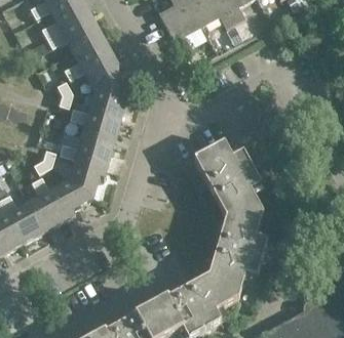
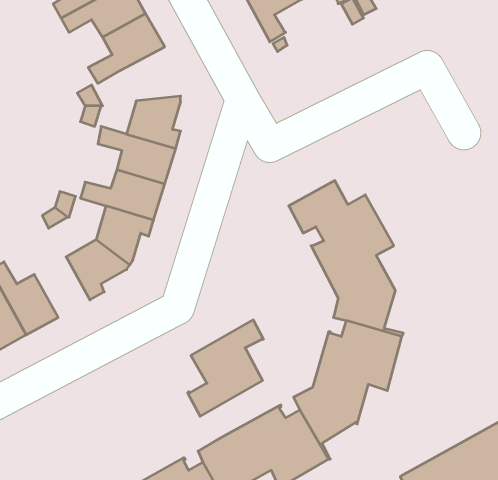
building: [83,56,122,91] -> none
building: [28,176,64,230] -> none
building: none -> [188,320,263,416]

